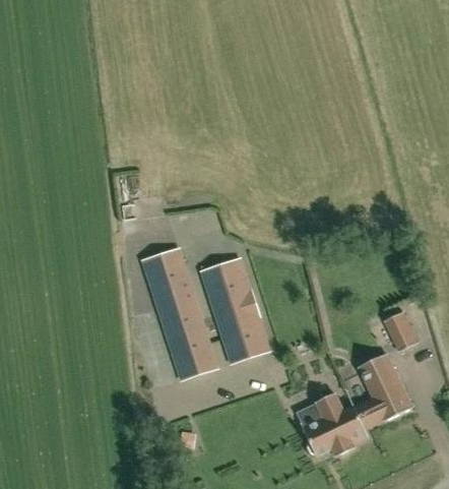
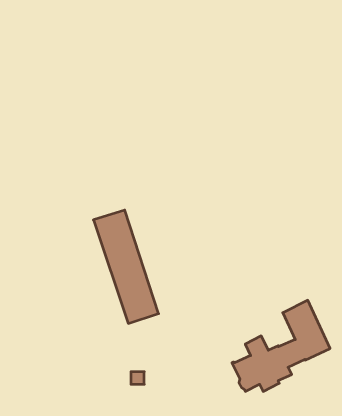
building: [201,258,269,362] -> none
building: [384,311,416,351] -> none

